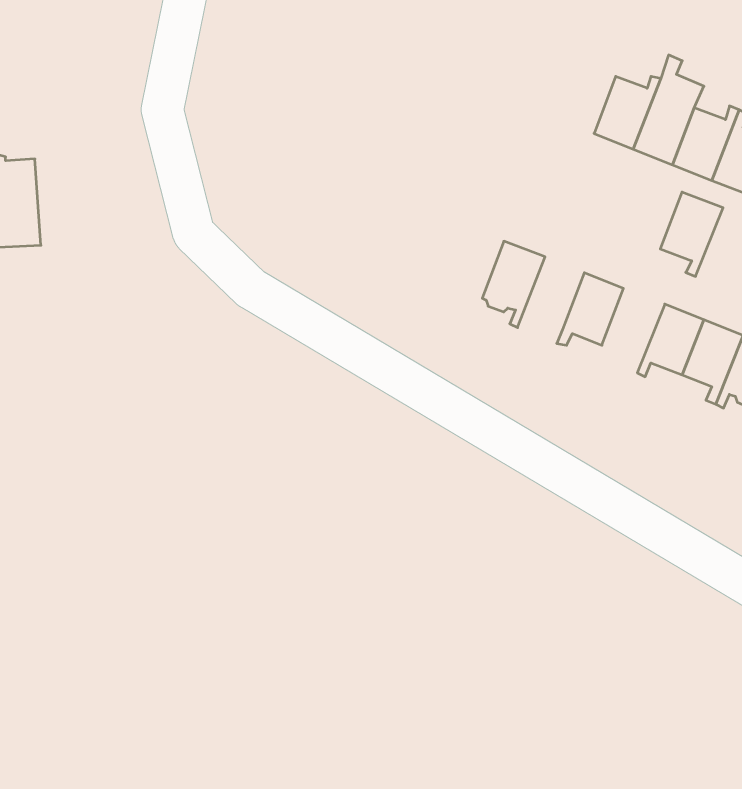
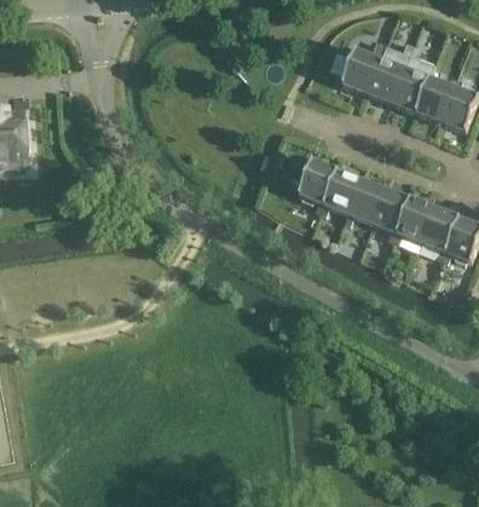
building: none -> [342,47,383,93]
building: [660,192,723,276] -> [373,189,411,241]
building: none -> [321,169,362,214]

